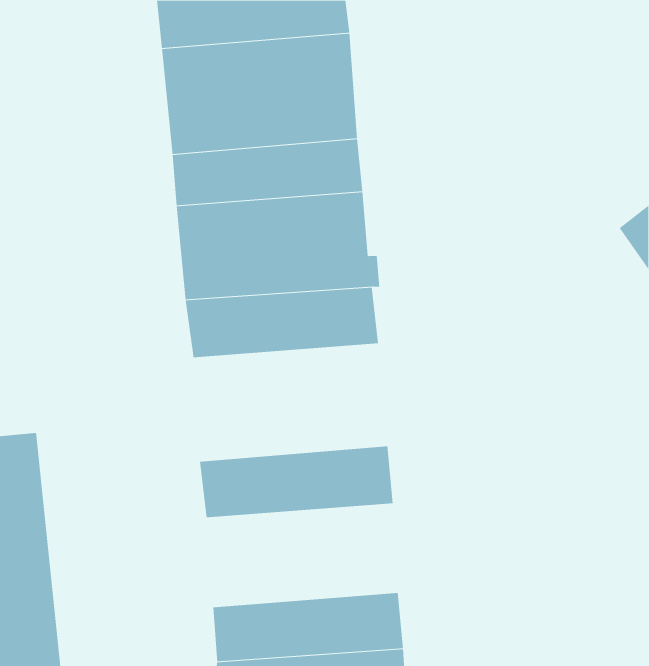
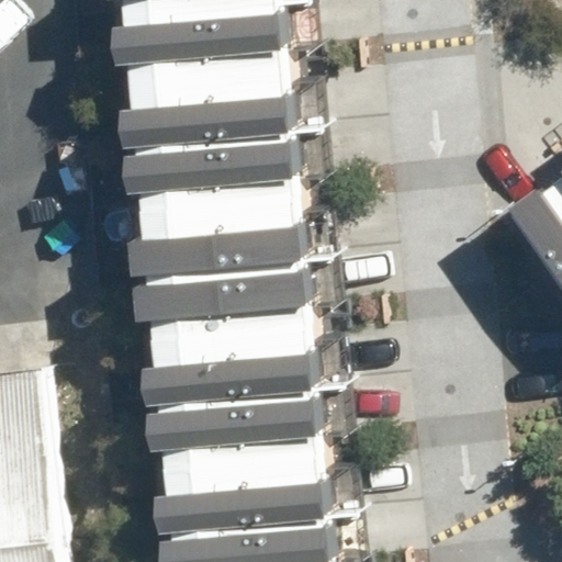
building: none -> [161,291,331,390]
building: none -> [172,425,344,512]

